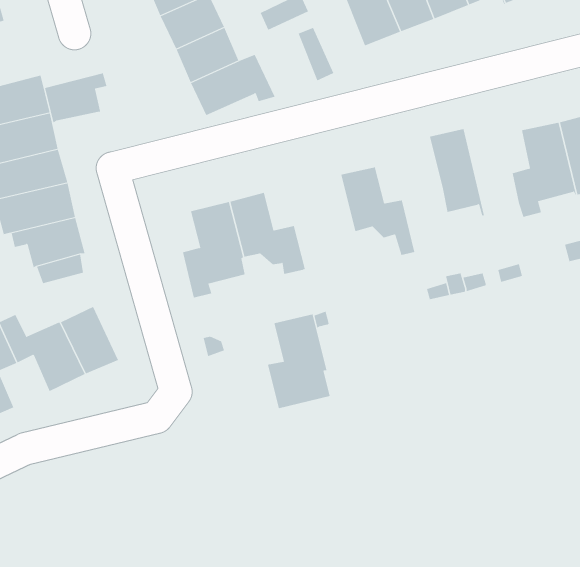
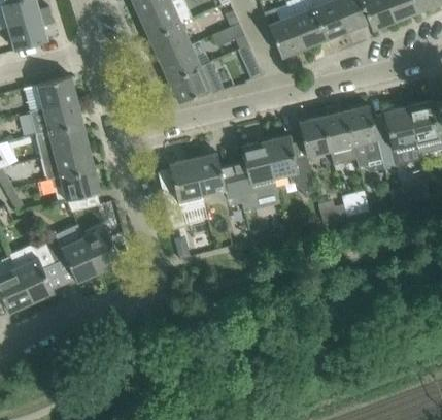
building: [45,73,107,123] -> none
building: none -> [346,105,381,167]
building: none -> [298,116,332,157]
building: [267,314,331,409] -> [236,140,277,202]

